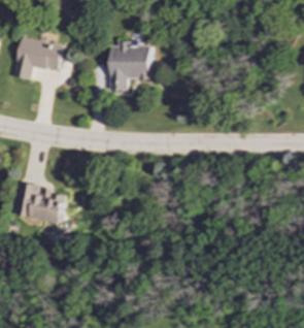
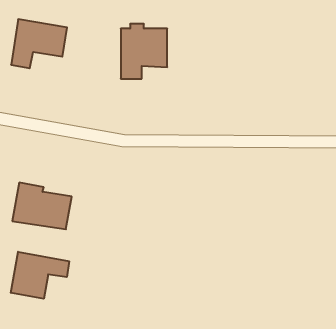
building: none -> [11,252,69,299]

